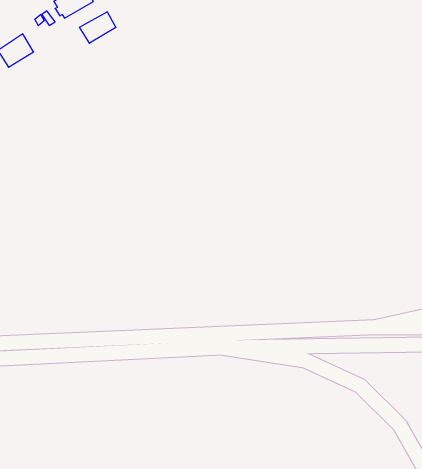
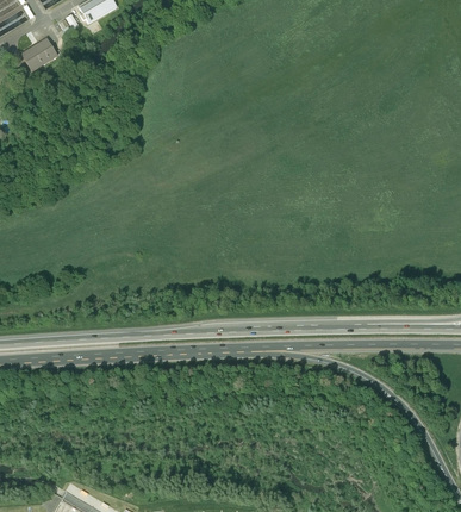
building: [80,12,116,43] -> none

